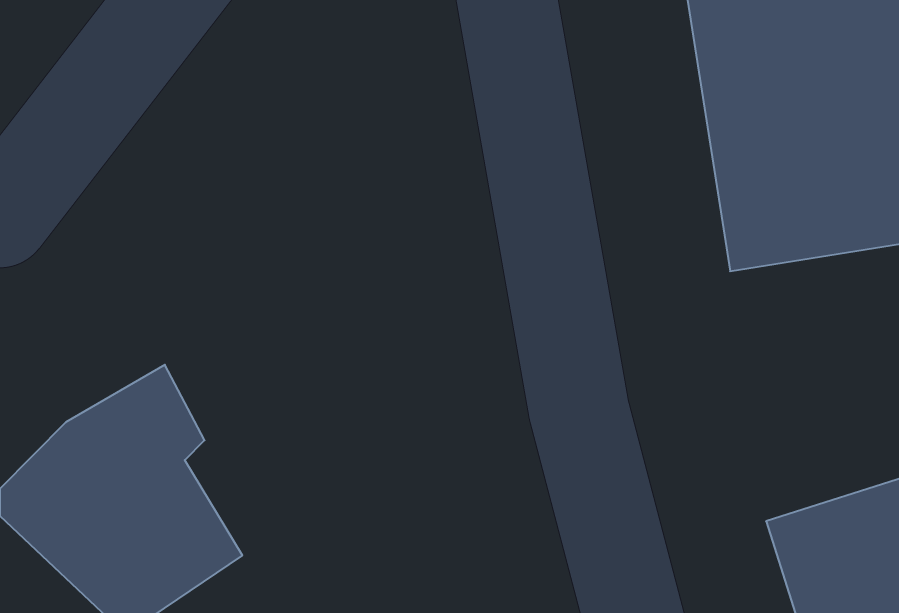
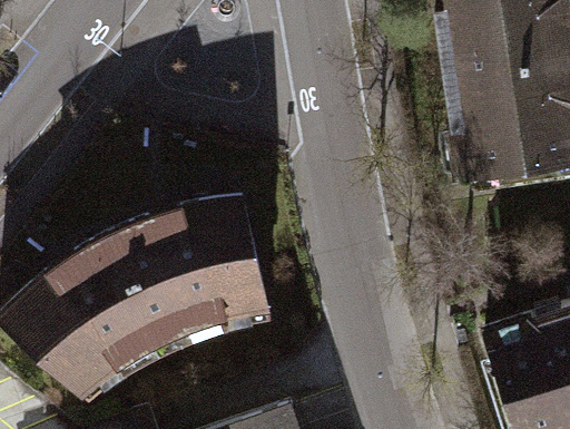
building: none -> [111,201,269,355]

